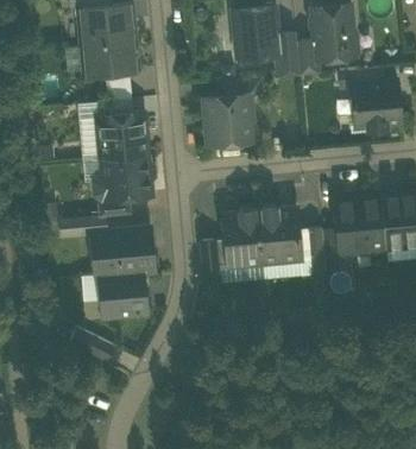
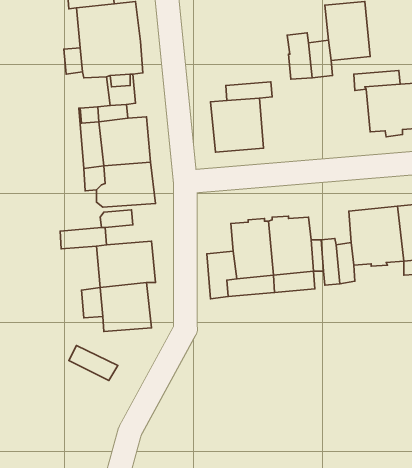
building: [234,7,279,58] -> none

